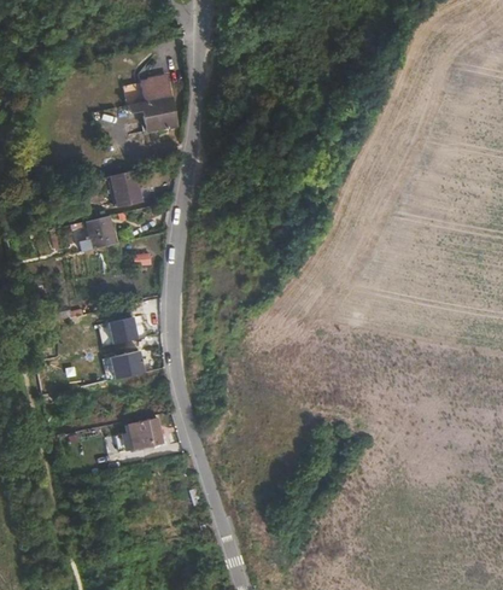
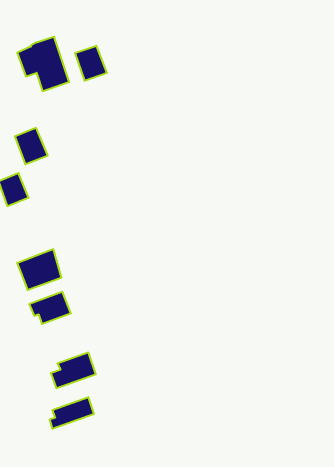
building: none -> [75,46,107,81]
building: none -> [50,397,94,429]

